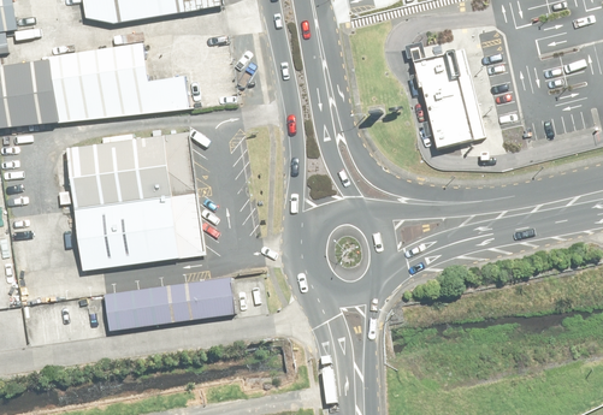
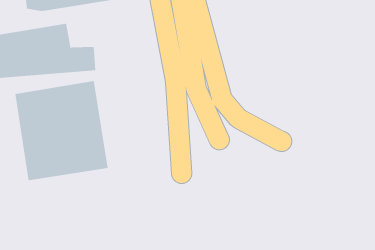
building: [420,41,485,141] -> none
building: [104,278,231,328] -> none

